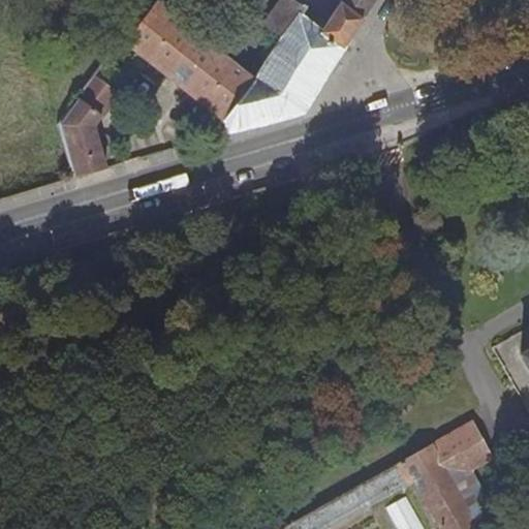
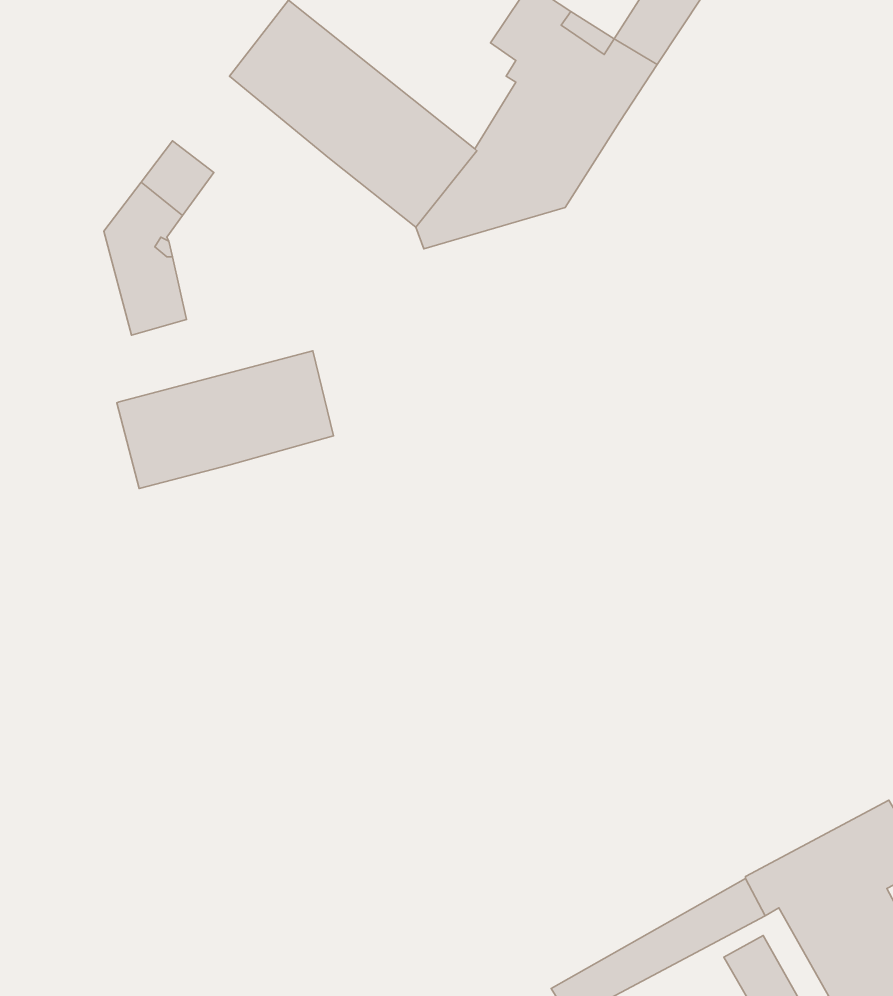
building: none -> [117,351,334,488]

